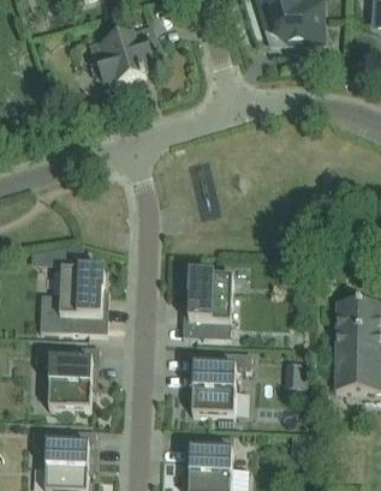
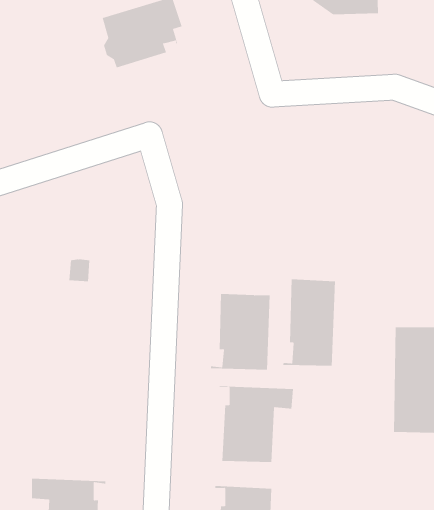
building: none -> [283,279,335,367]
building: [40,269,107,334] -> none
building: [36,345,99,409] -> none

